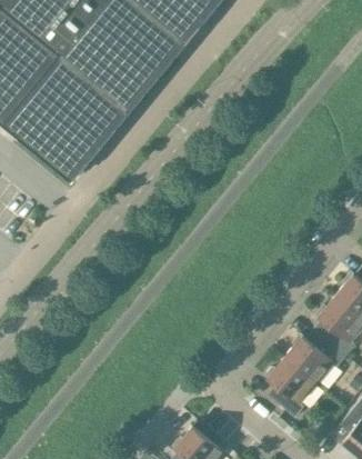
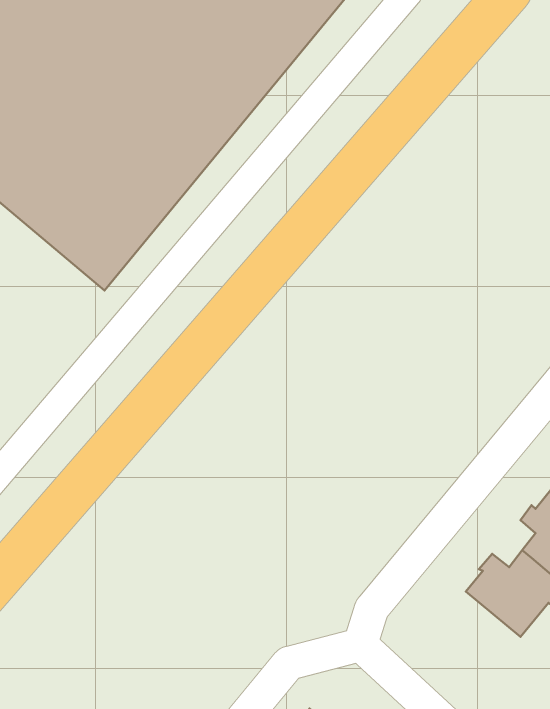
building: [265,357,316,418] -> none

